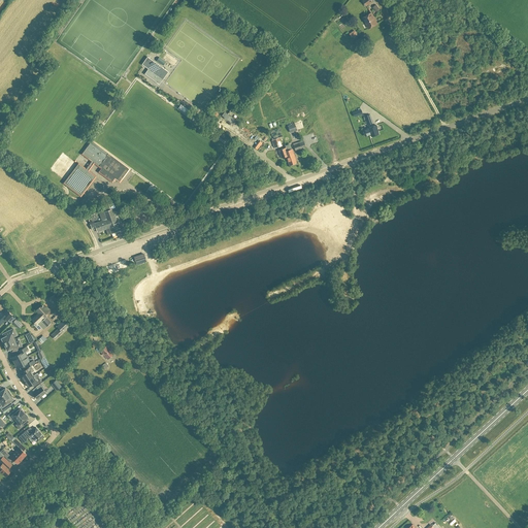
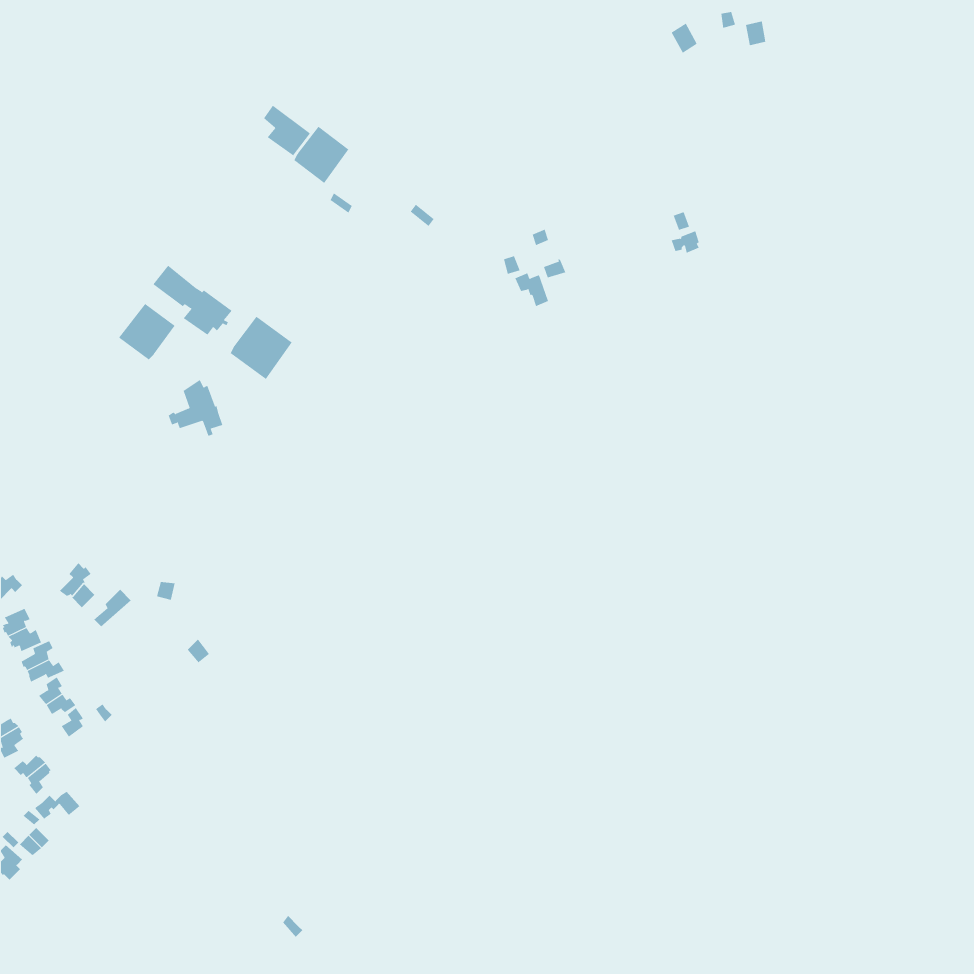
building: none -> [293,126,349,184]
building: none -> [230,316,292,380]

